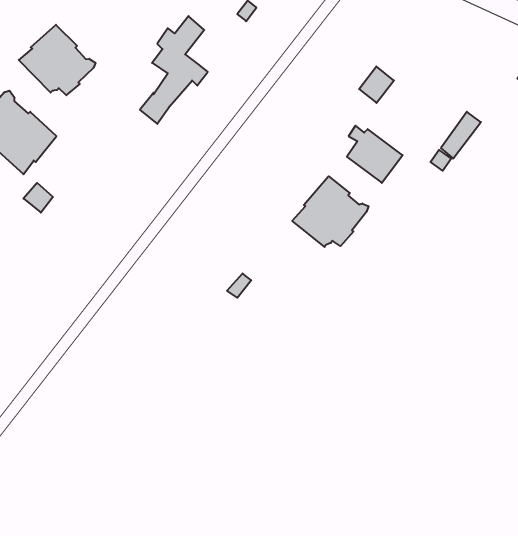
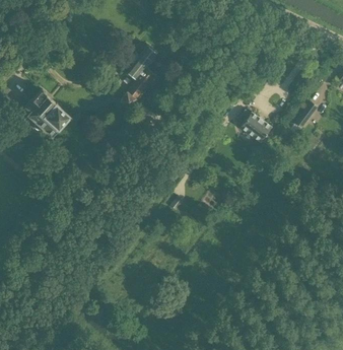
building: [19,25,95,95] -> none
building: [292,176,368,247] -> none

